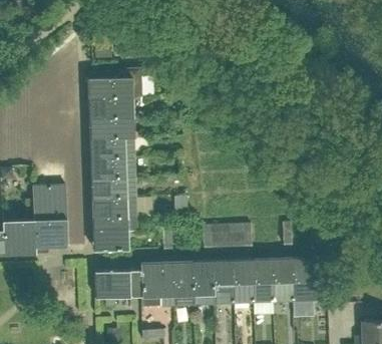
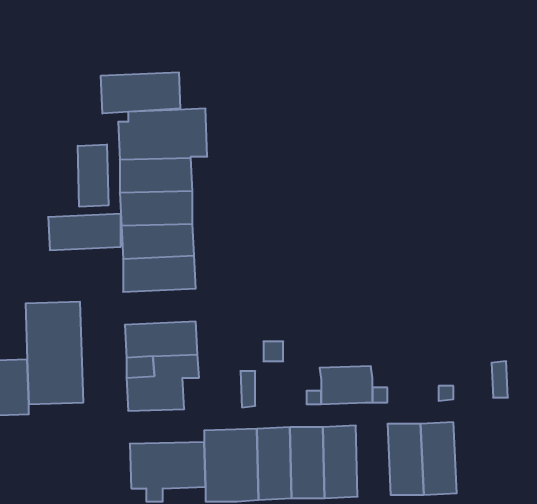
building: none -> [101,72,180,114]
building: none -> [78,144,108,207]
building: [91,177,135,199] -> [48,214,121,250]
building: [292,257,327,301] -> none
building: [233,259,254,303] -> none

